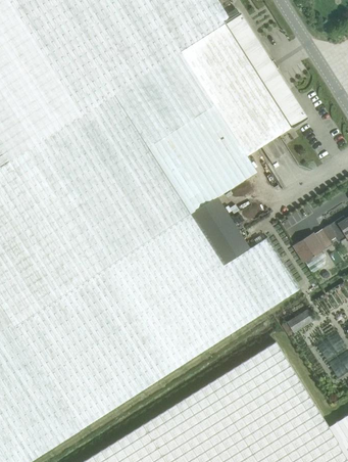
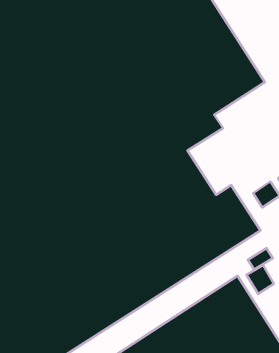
building: none -> [247,265,274,294]

